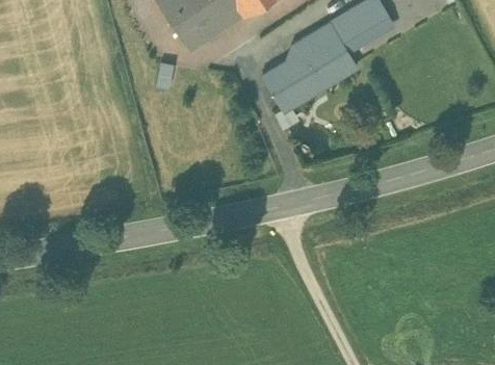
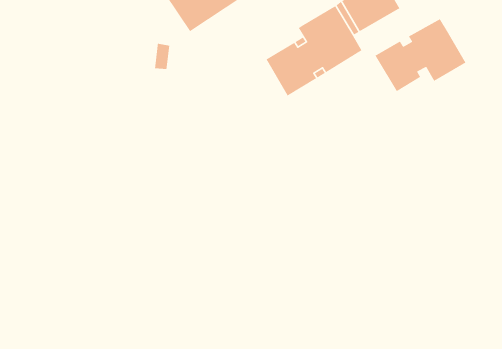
building: none -> [374,18,466,92]

